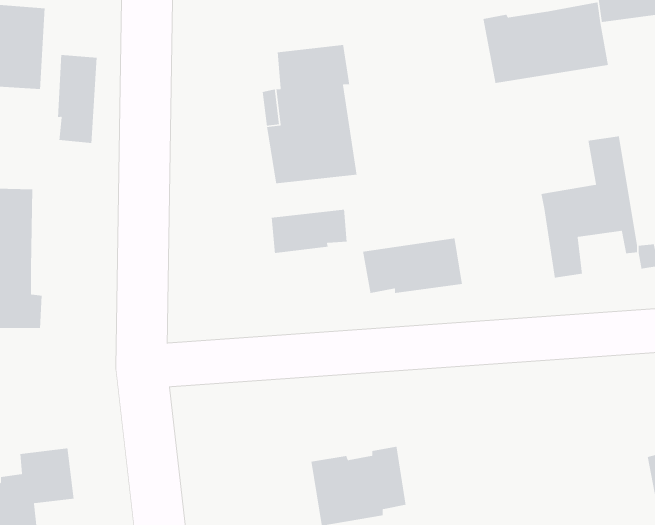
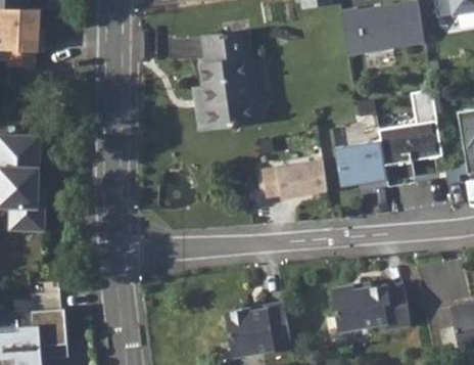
building: [57,54,98,144] -> none
building: none -> [335,142,388,191]
building: [271,209,348,254] -> none
building: none -> [331,284,410,330]

